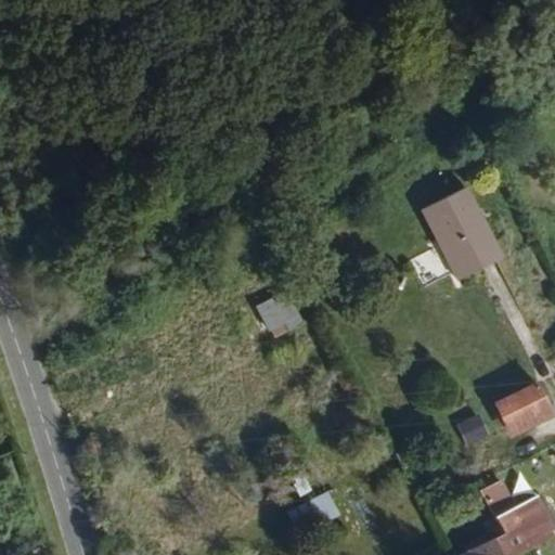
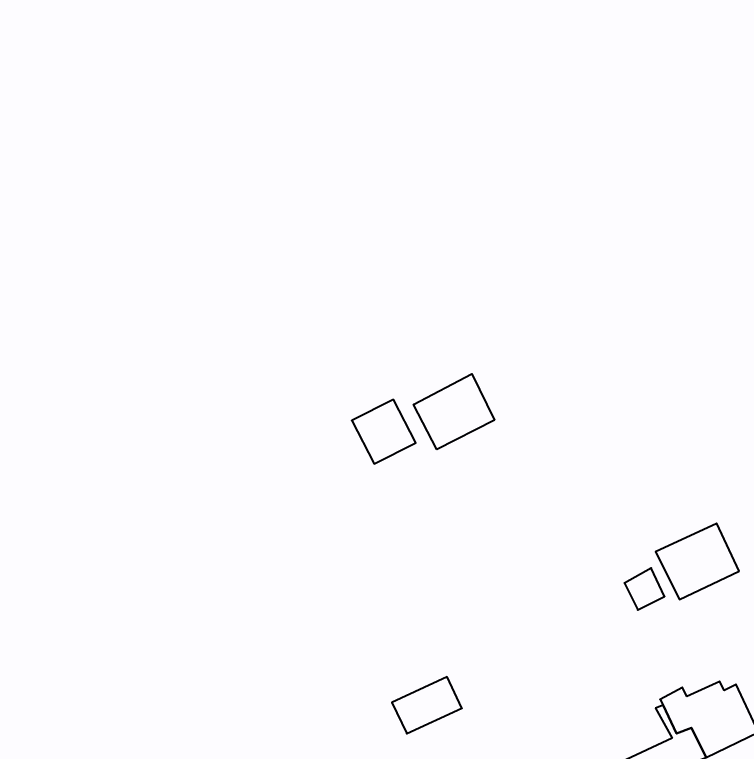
building: [423,186,504,281] -> none
building: none -> [414,374,494,449]

